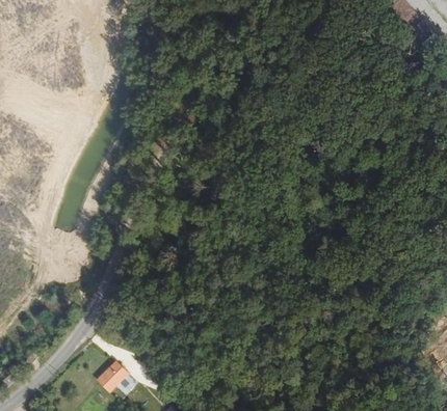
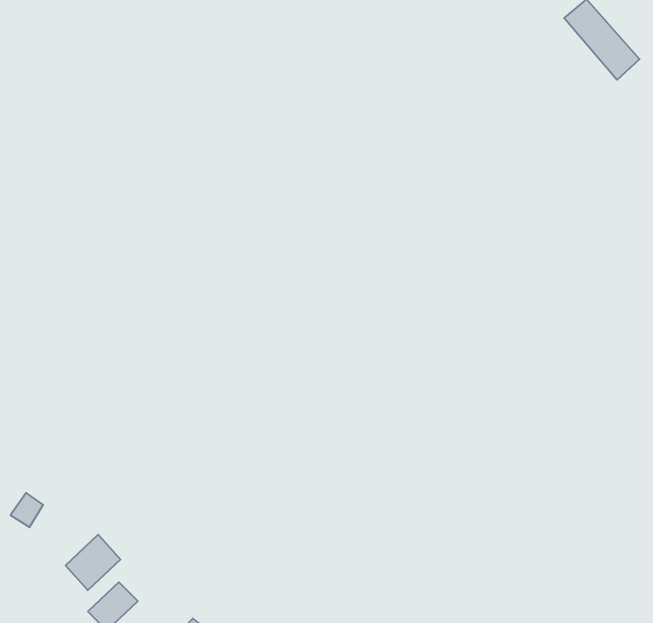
building: none -> [66,535,120,590]

